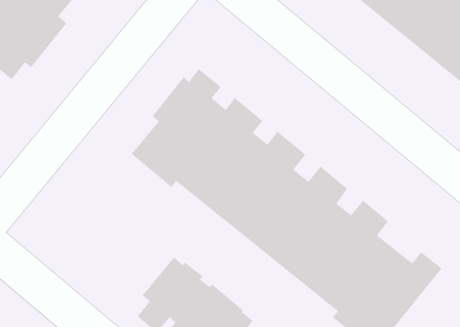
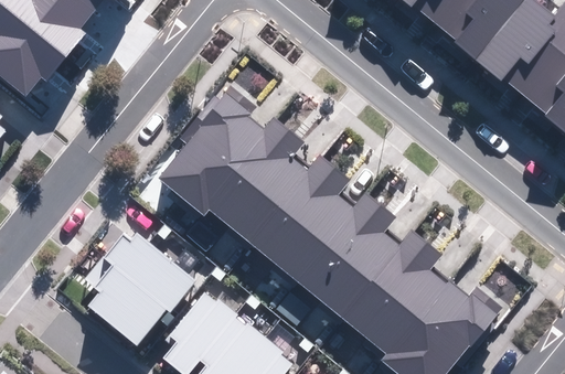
building: none -> [84,232,196,346]

